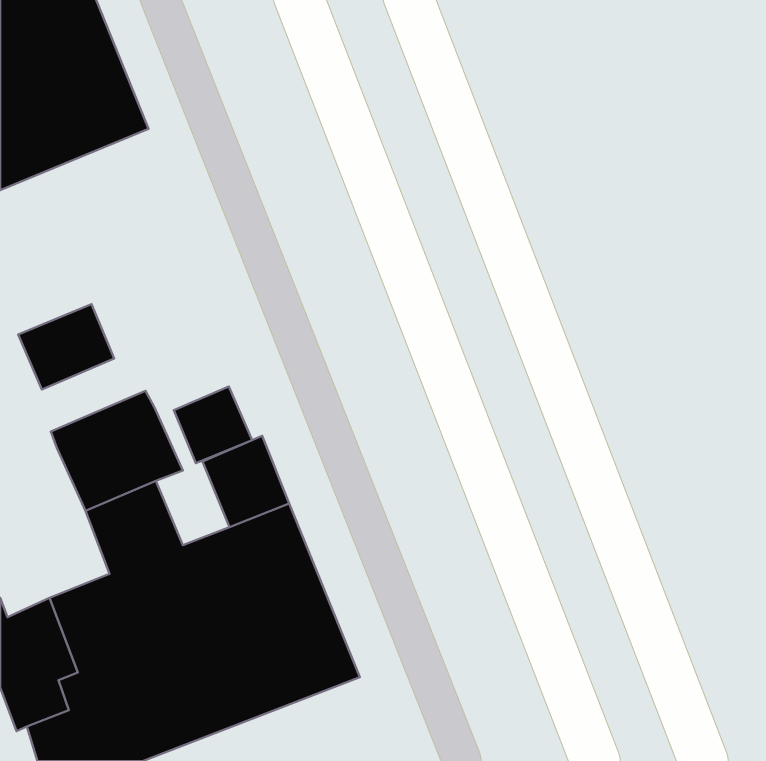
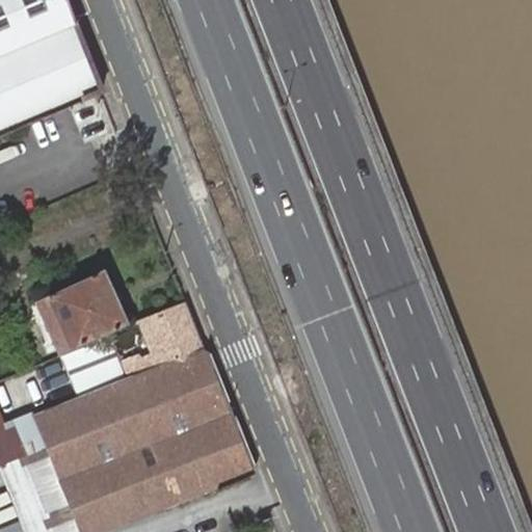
building: [18,304,114,389] -> none
building: [174,386,252,463] -> none

